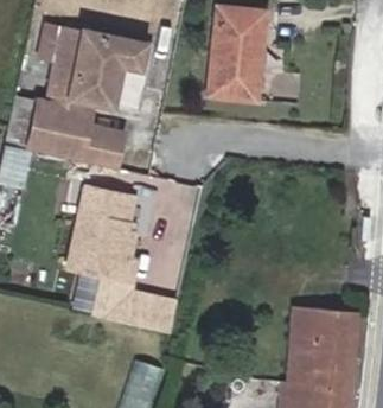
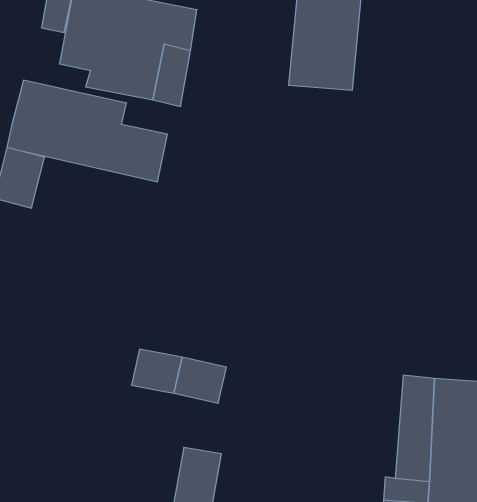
building: [70,187,140,283] -> none

